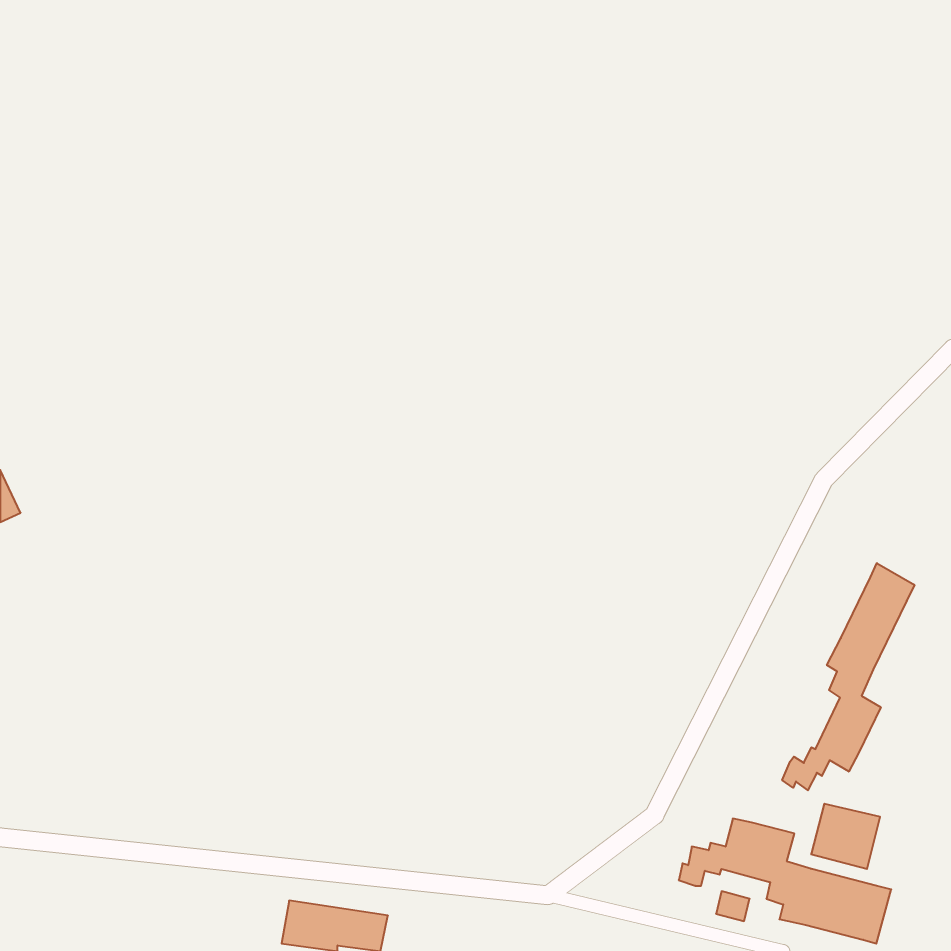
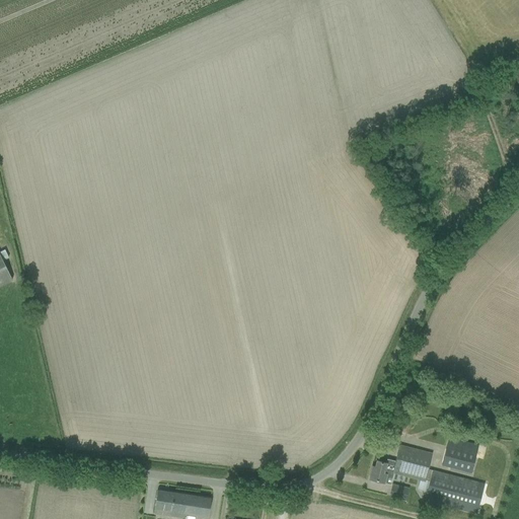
building: [782,563,914,790] -> none

